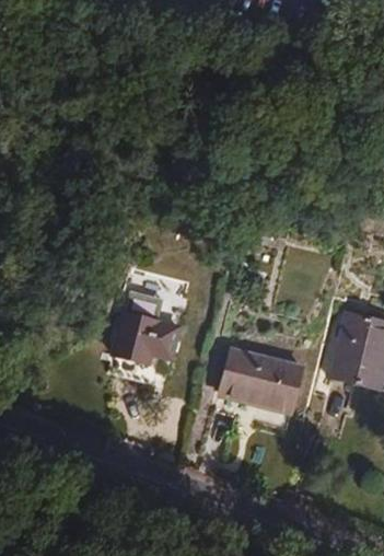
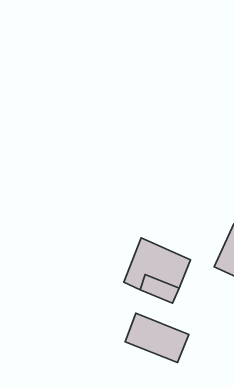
building: [113,309,178,367] -> none
building: none -> [125,313,189,363]

